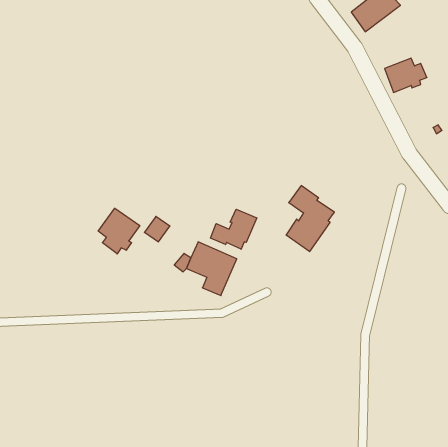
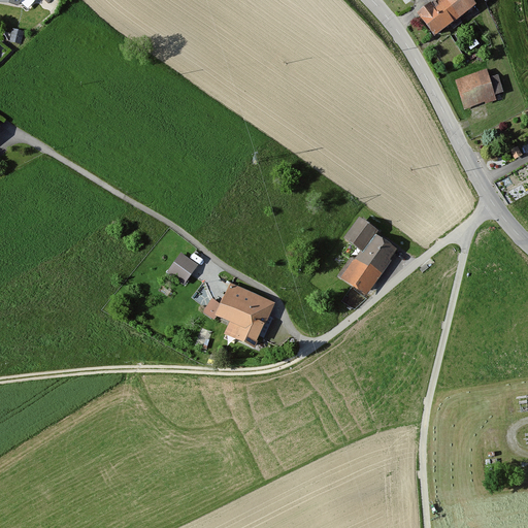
building: [98,208,140,254] -> none
building: [210,209,257,249] -> none

